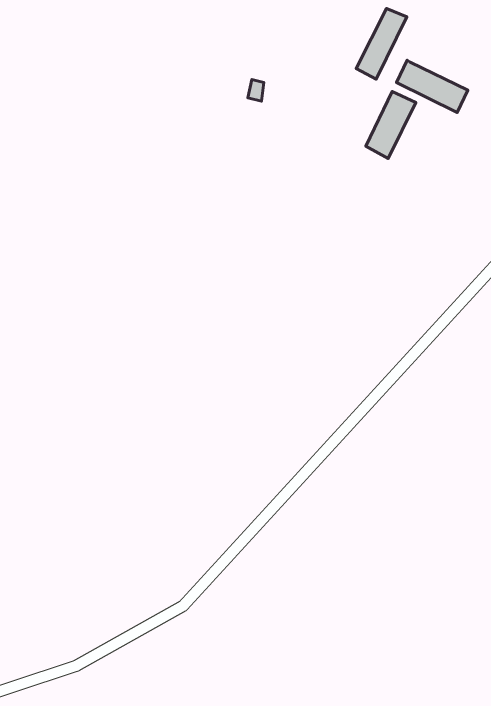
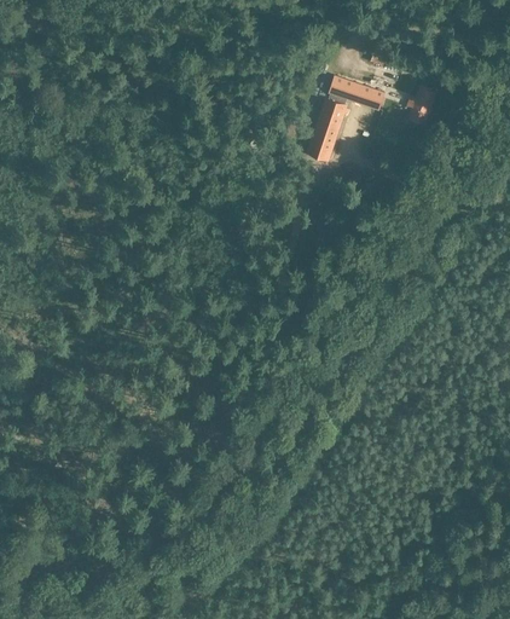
building: [356,9,407,79] -> none

